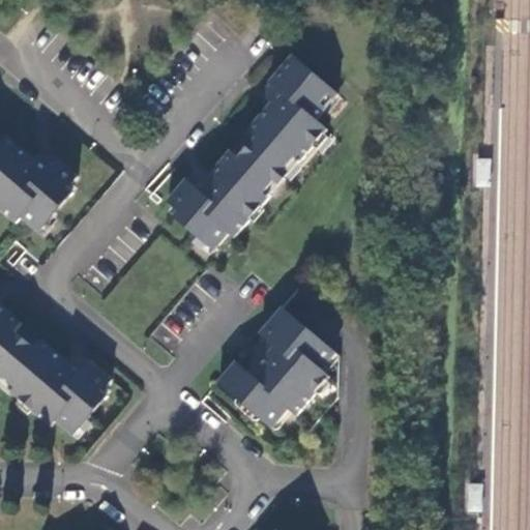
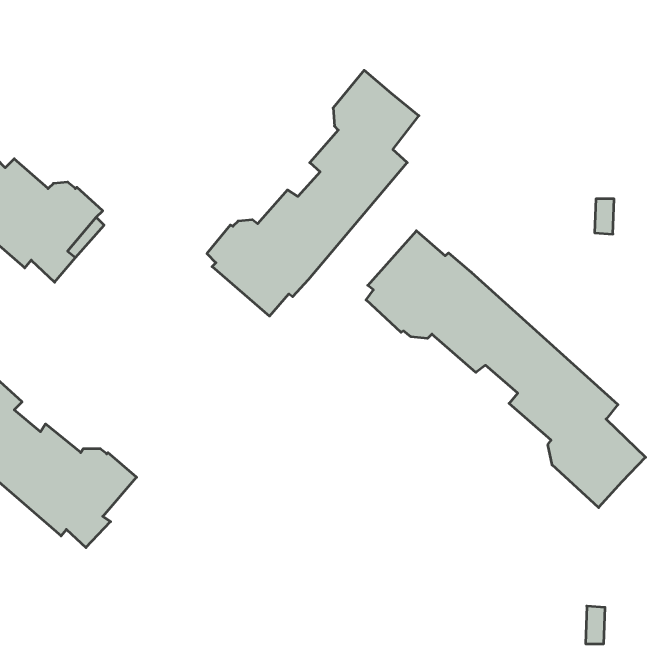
building: none -> [366,231,646,508]
building: [214,306,333,429] -> none

